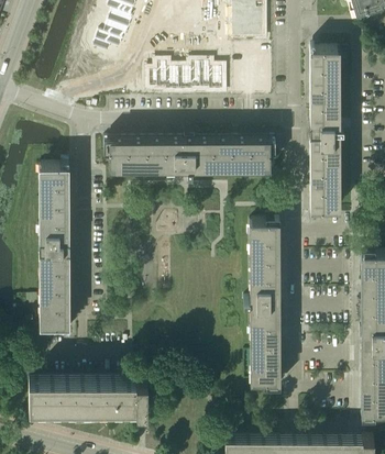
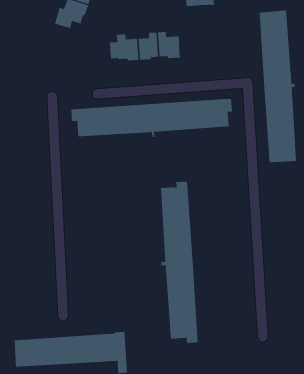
building: [40,168,72,328] -> none
building: [245,217,280,388] -> [160,181,198,343]

